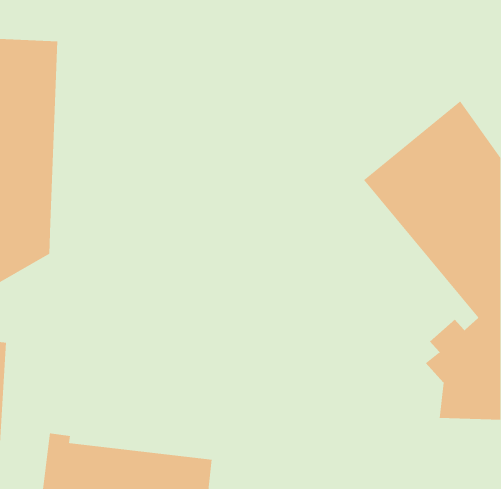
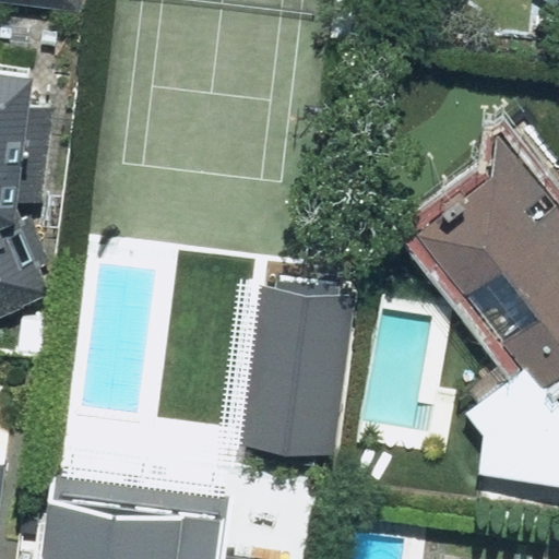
building: none -> [238,287,349,471]

